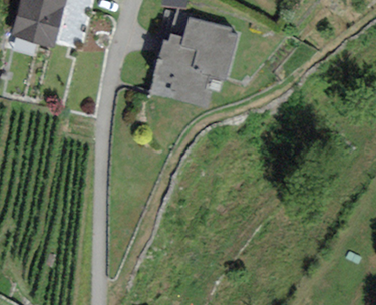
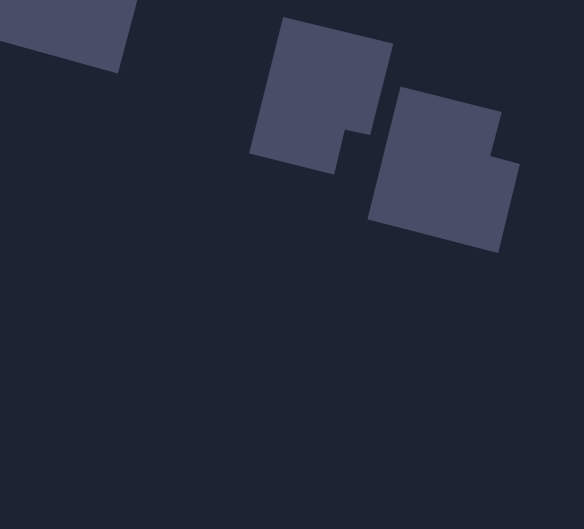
building: none -> [367,86,520,254]

